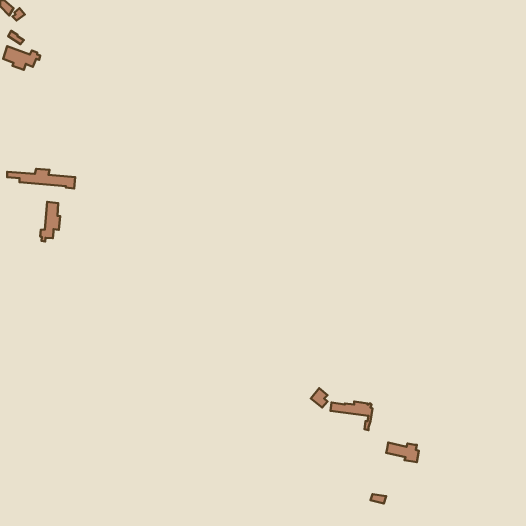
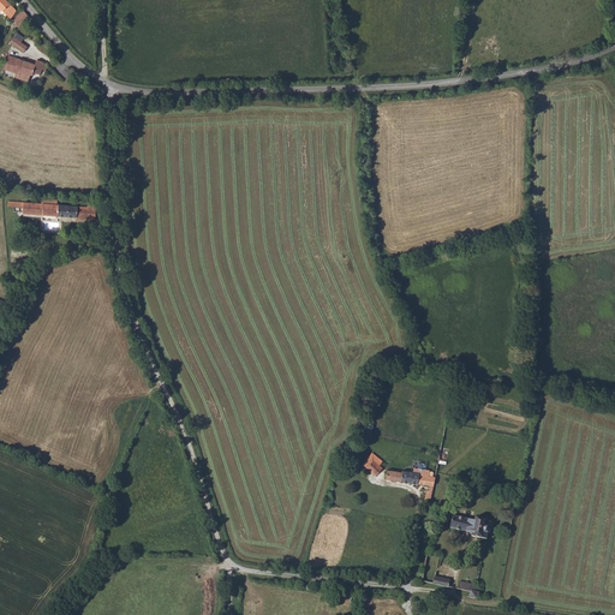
building: [40,202,60,241] -> none

